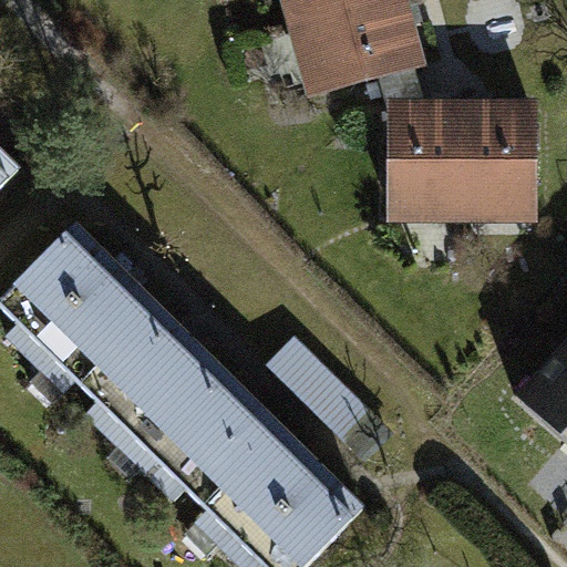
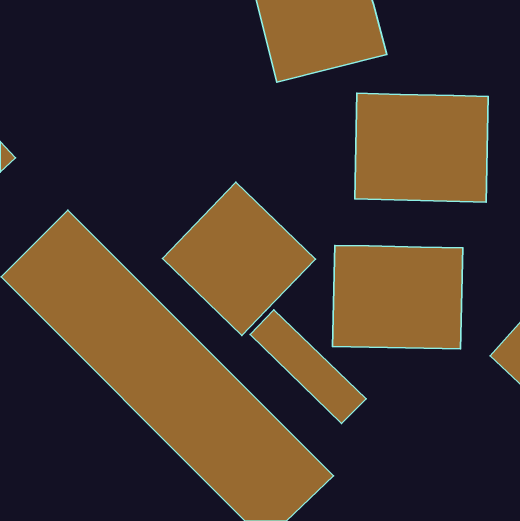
building: none -> [162,182,315,336]
building: none -> [332,246,463,349]

